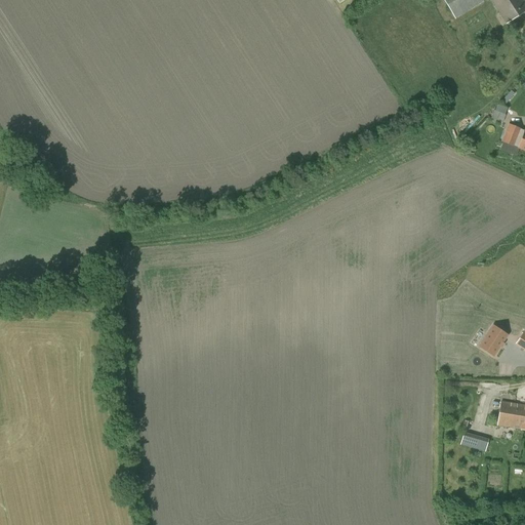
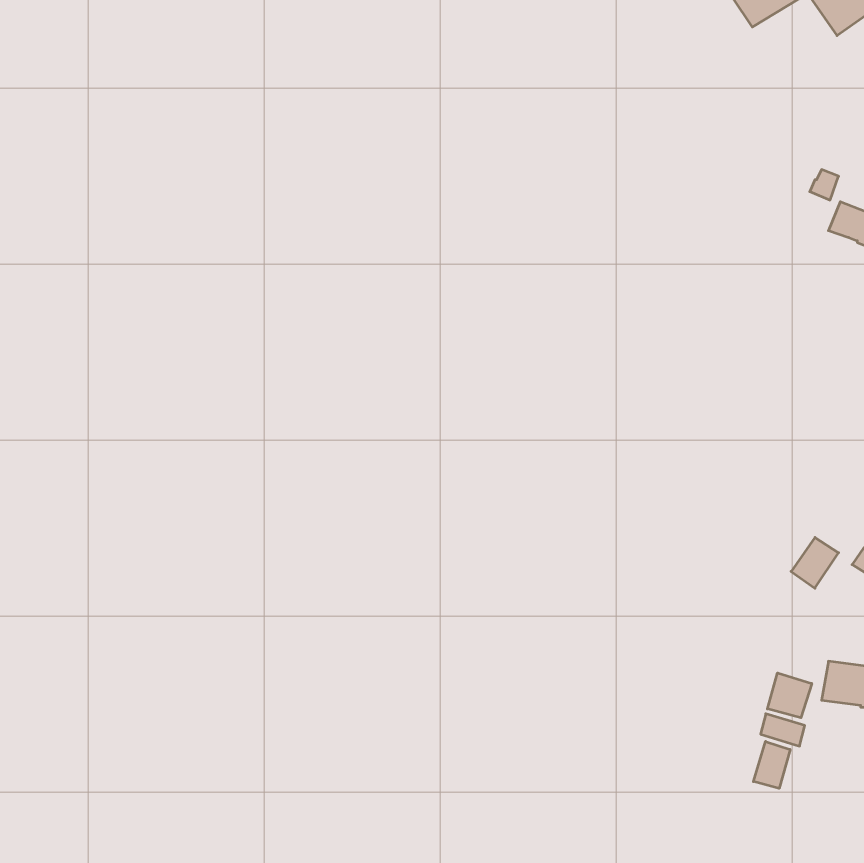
building: none -> [767,673,812,718]
building: none -> [753,741,790,788]

